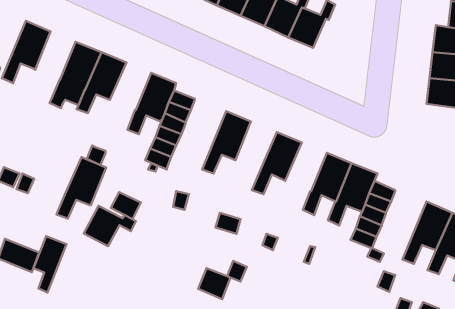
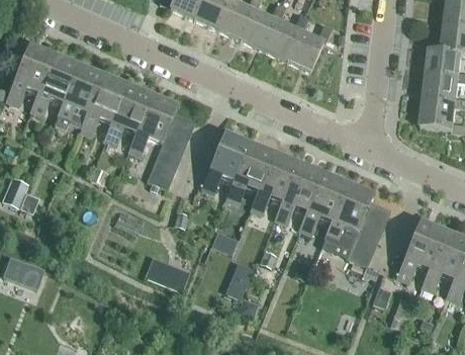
building: none -> [31,54,79,114]
building: none -> [226,142,275,202]
building: none -> [275,162,323,223]
building: [56,157,106,219] -> [104,84,153,144]
building: [84,206,136,246] -> none
building: [33,236,66,292] -> none
building: [198,268,230,299] -> [159,262,190,292]

